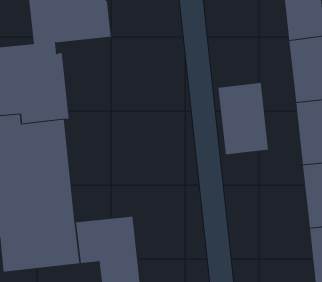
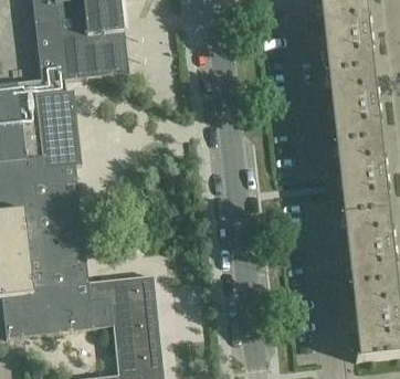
building: [218,82,269,155] -> none

